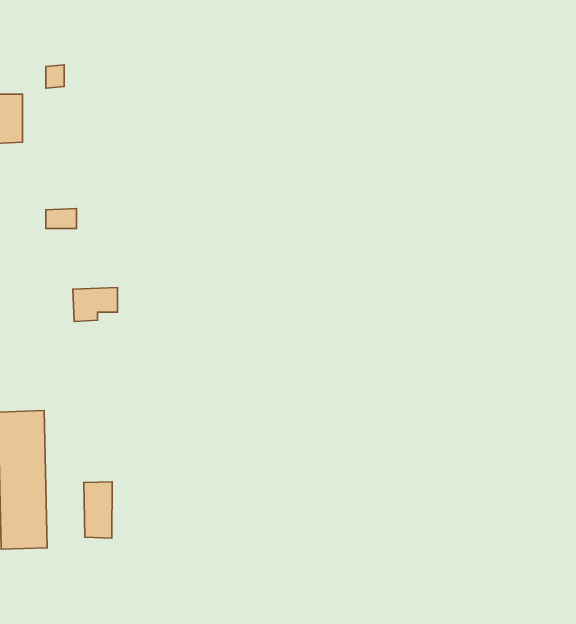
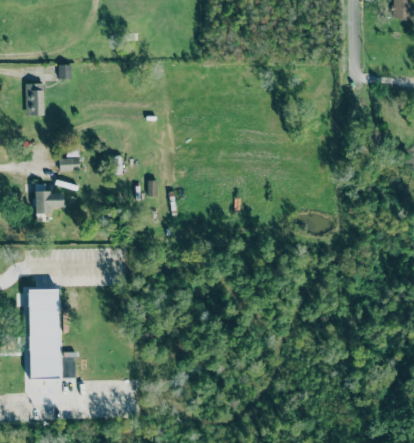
building: [73,288,117,322] -> [35,191,64,213]
building: [84,482,112,538] -> none

